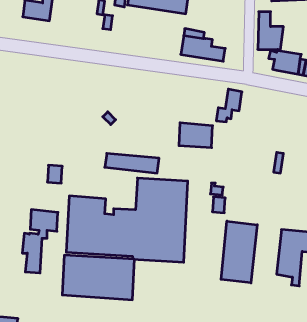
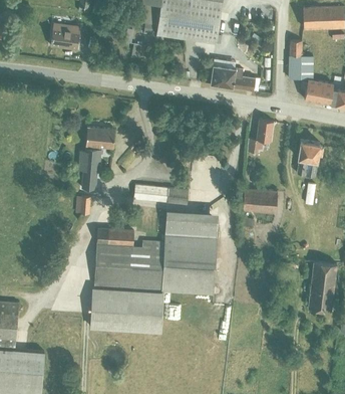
building: none -> [297,140,323,176]
building: [179,123,213,148] -> [243,187,277,212]
building: [22,210,58,273] -> [78,126,114,190]
building: [221,221,257,283] -> none

